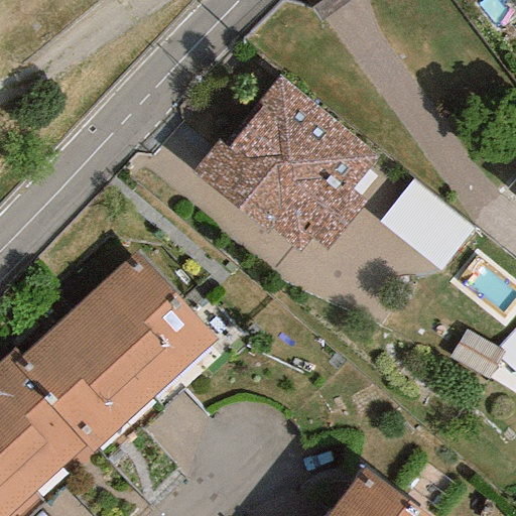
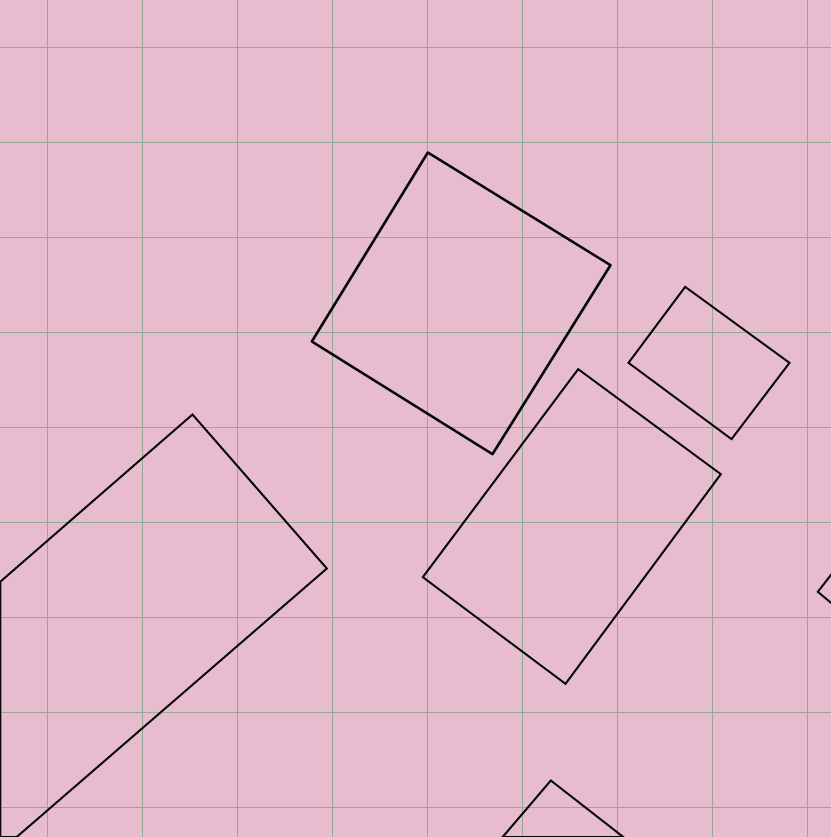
building: none -> [423,369,721,684]

